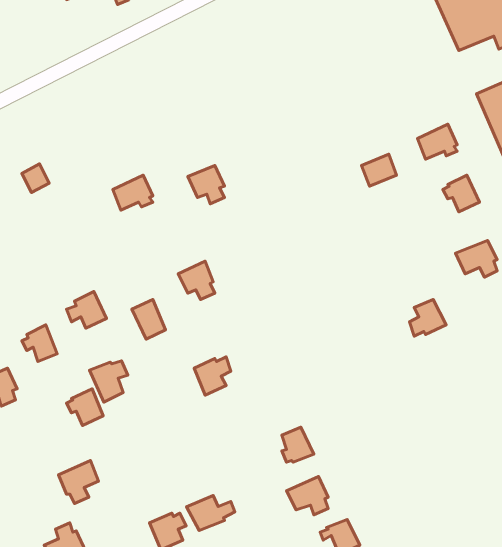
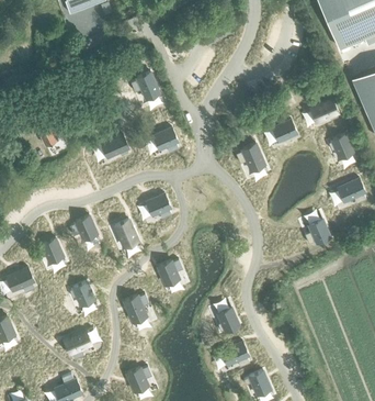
building: none -> [130,73,159,100]
building: none -> [236,144,264,171]
building: [90,361,128,402] -> [123,294,149,323]
building: [186,495,235,531] -> none

